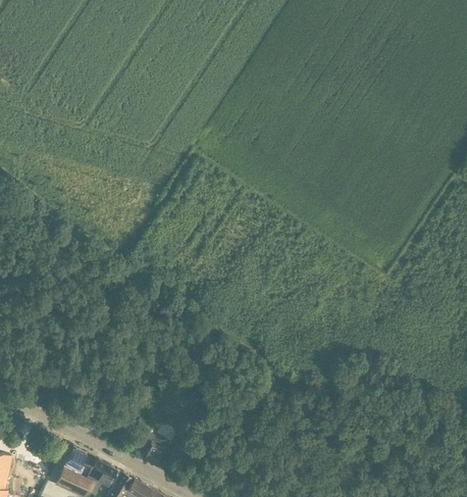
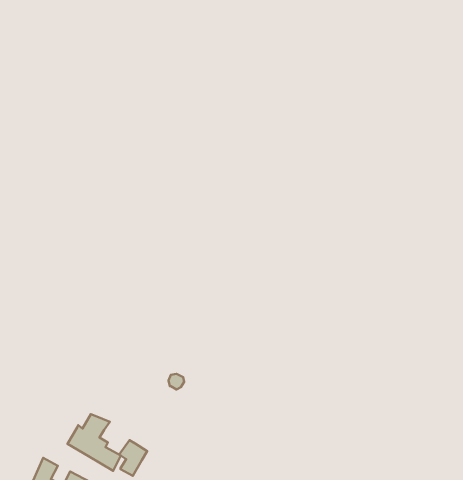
building: none -> [67,414,121,471]

